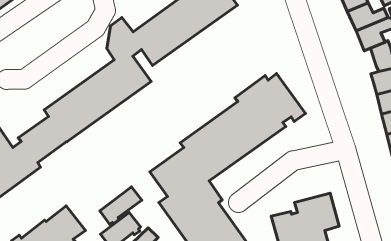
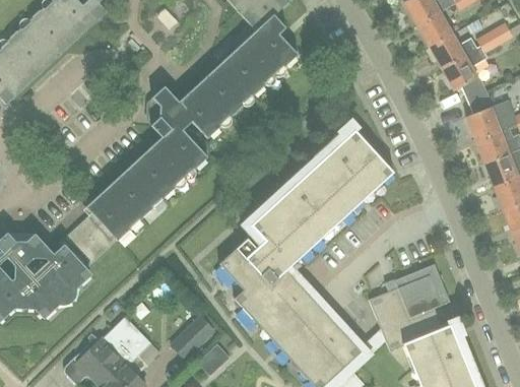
building: [100,187,142,224] -> none

